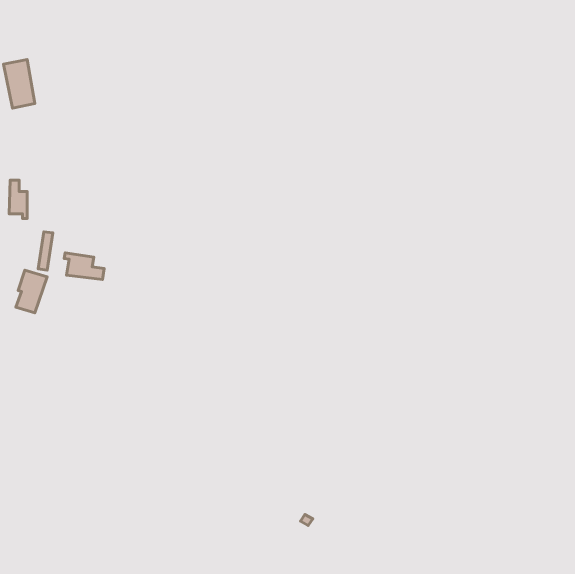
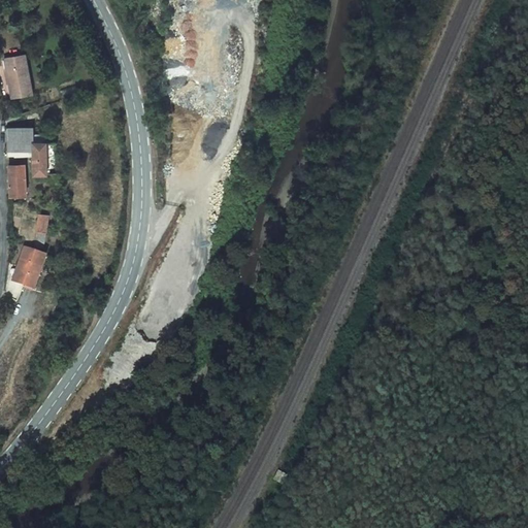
building: none -> [7,129,46,176]
building: [64,253,104,279] -> none

